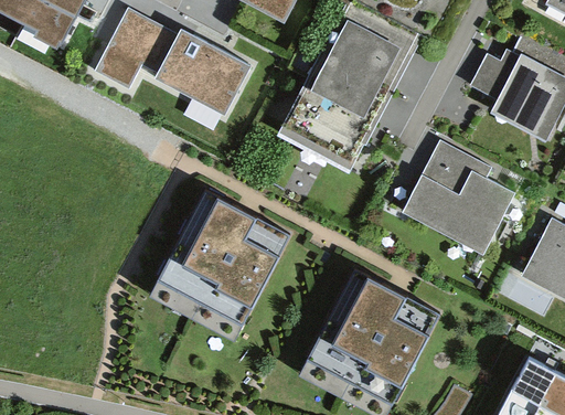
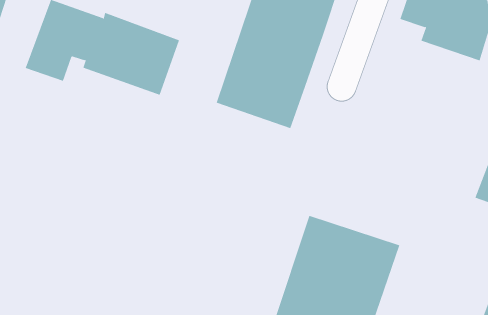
building: [404,136,515,247] -> none
building: [154,182,292,330] -> none

